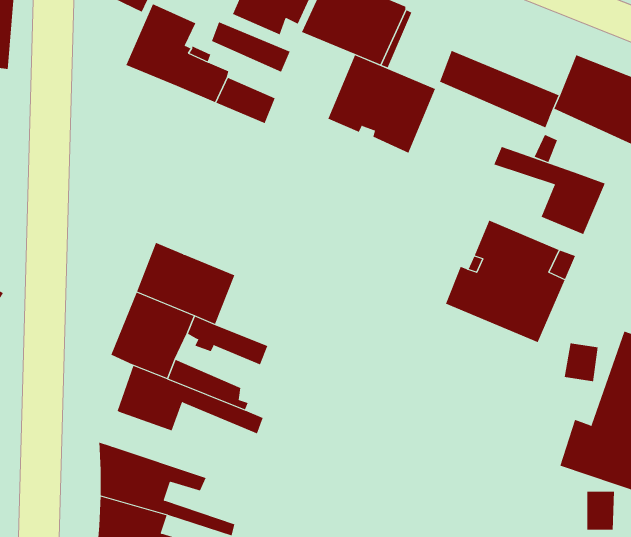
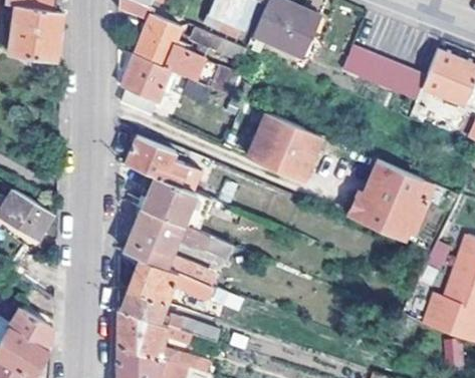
building: [328,54,436,153] -> [251,114,323,180]
building: none -> [121,57,168,114]
building: [494,146,606,235] -> none
building: none -> [123,136,182,183]
building: none -> [125,289,217,341]

